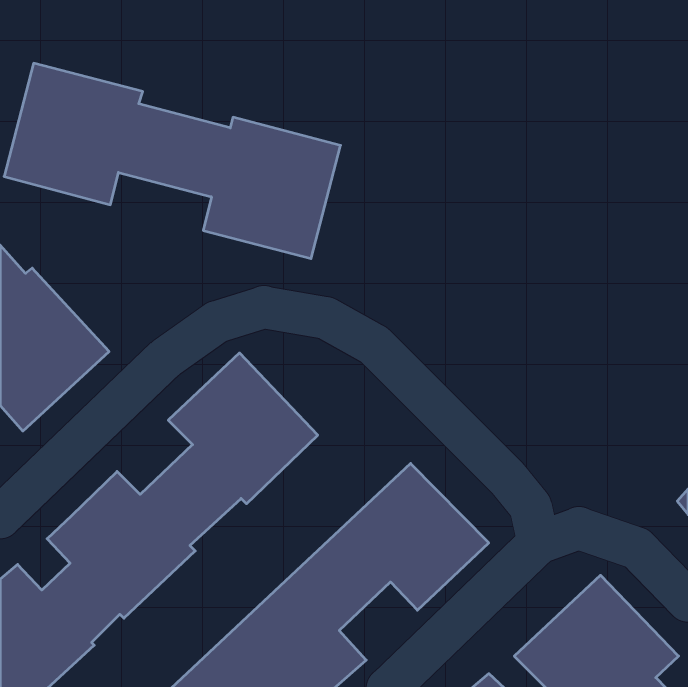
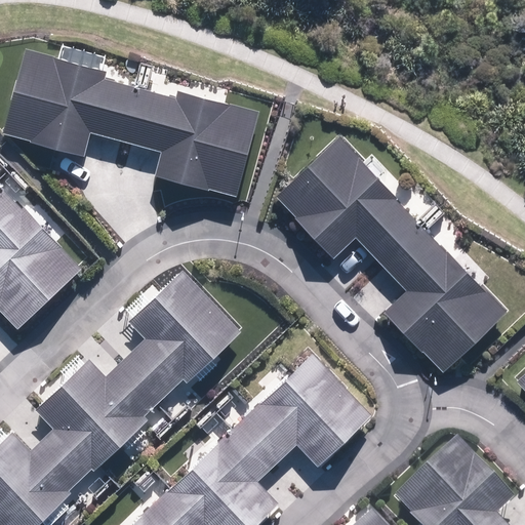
building: none -> [275,136,508,373]

